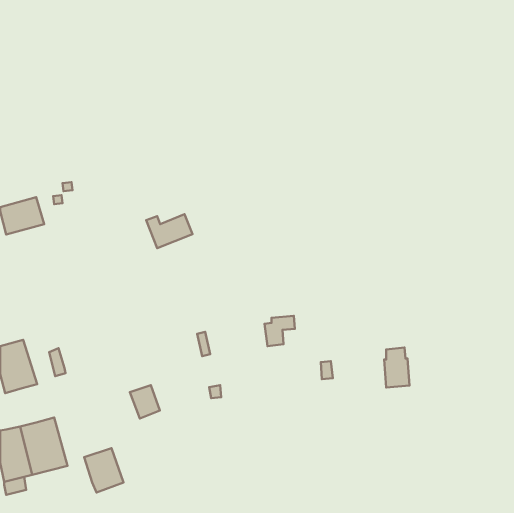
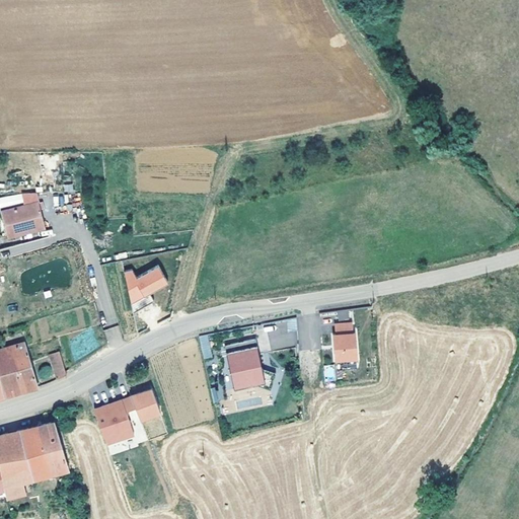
building: [146,214,192,248] -> [122,268,168,302]
building: none -> [223,339,276,389]
building: [384,347,409,388] -> [331,322,357,363]
building: [84,448,123,492] -> [94,399,134,444]

